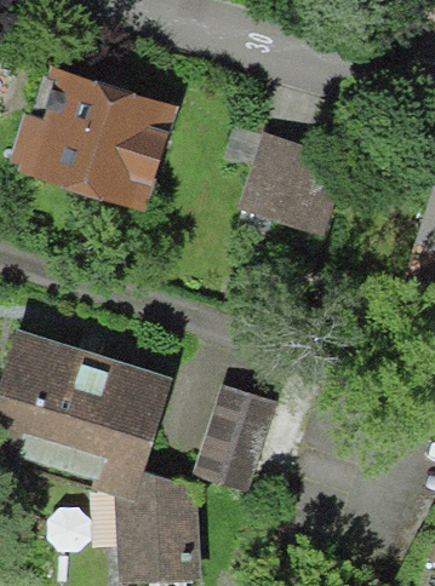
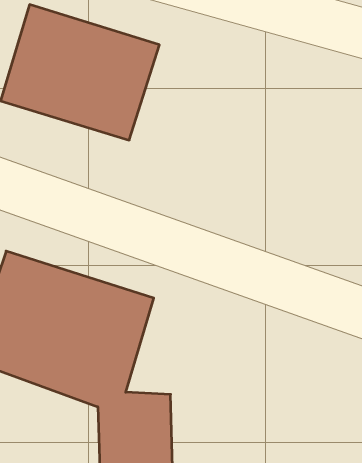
building: [233,136,342,251] -> none
building: [187,383,273,492] -> none

